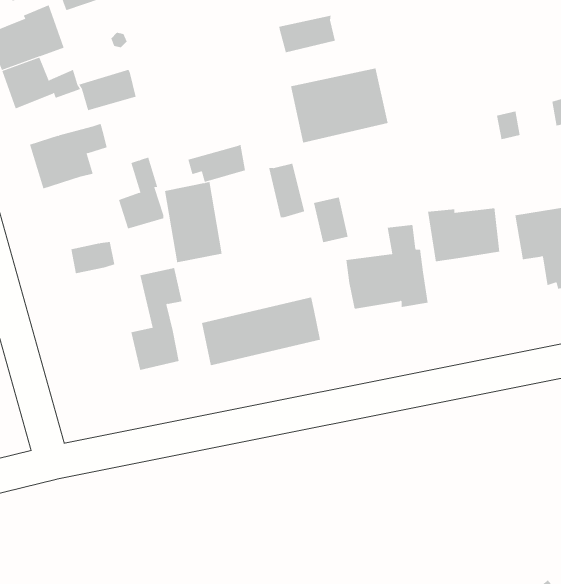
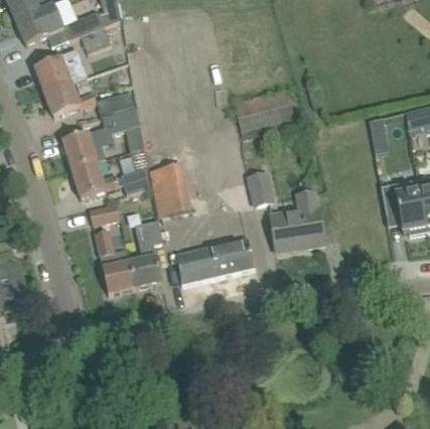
building: [279,15,336,53] -> none
building: [187,144,246,183] -> [101,108,139,133]
building: [269,163,305,218] -> none
building: none -> [71,161,119,198]
building: [427,208,500,262] -> none
building: none -> [95,232,135,293]

